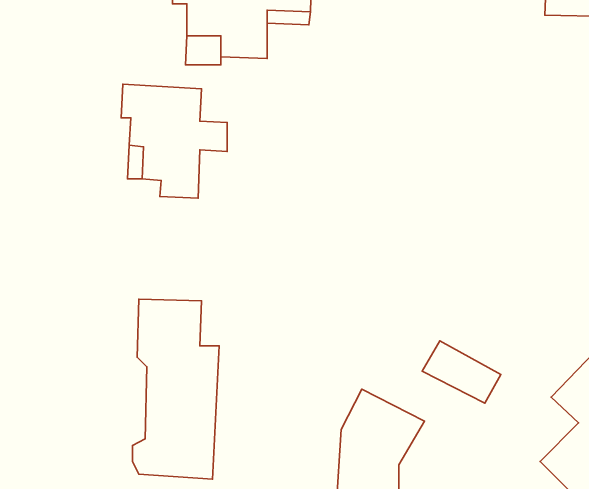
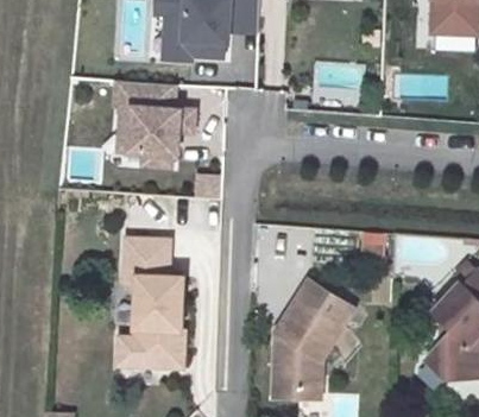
building: [422,341,501,403] -> [292,284,351,330]

